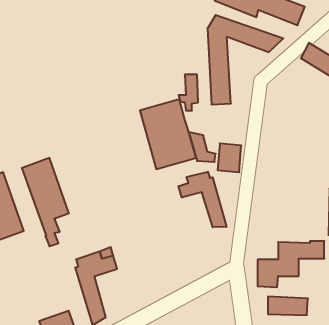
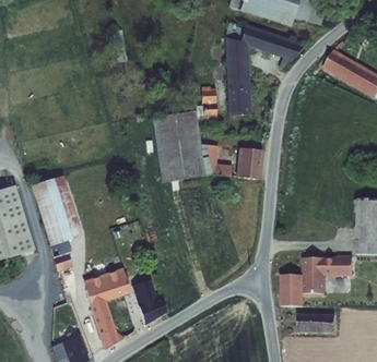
building: [179,172,226,227] -> none
building: none -> [128,277,165,329]

